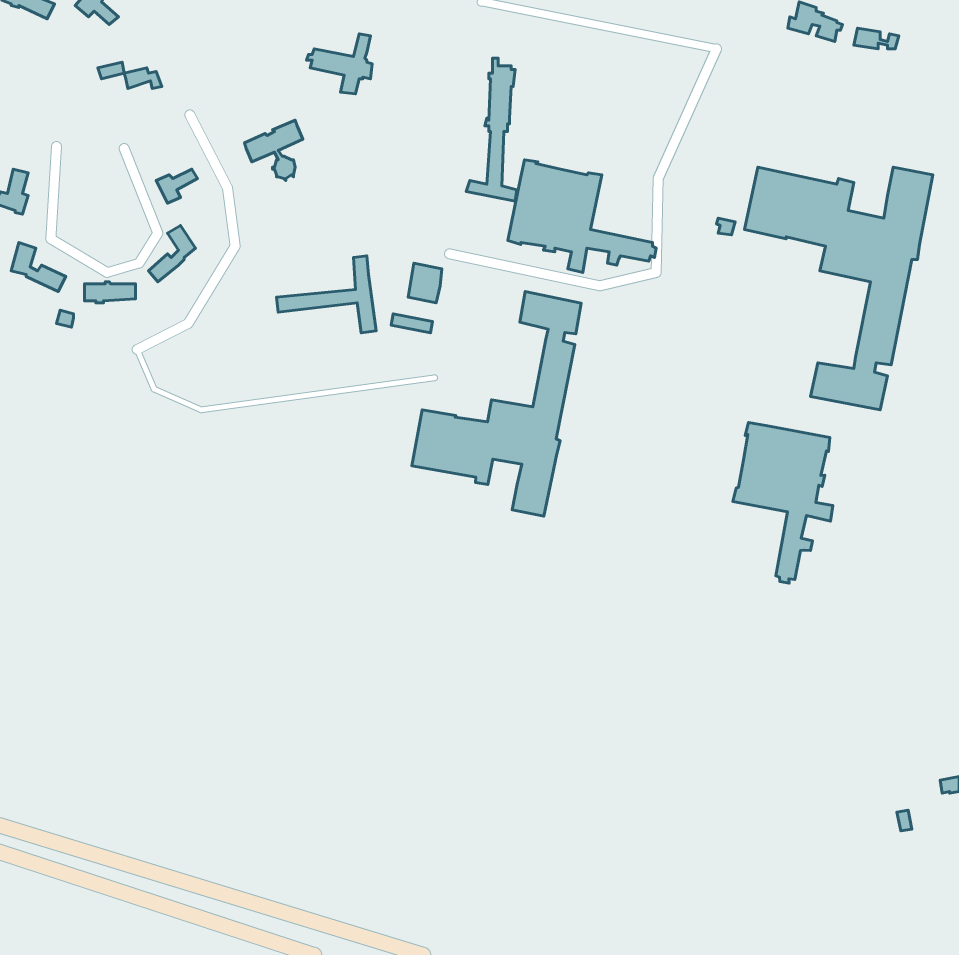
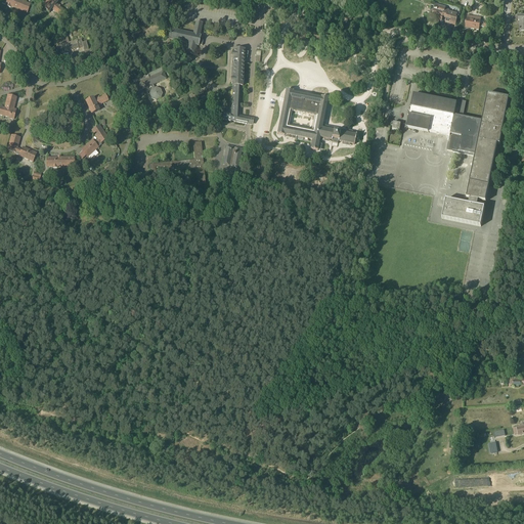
building: [466,58,517,201] -> [219,43,247,121]
building: [412,292,581,516] -> none
building: [733,422,833,583] -> none

